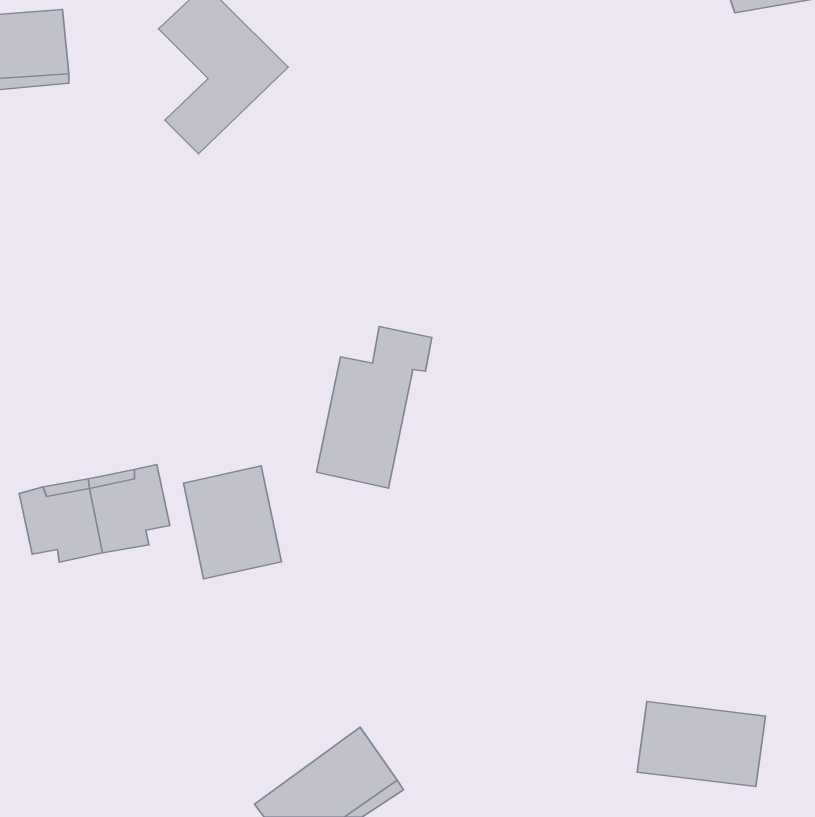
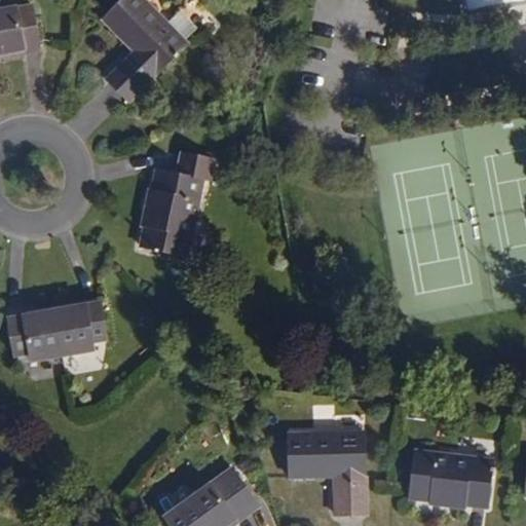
building: [317,326,432,488] -> [143,142,217,246]
building: [183,466,281,579] -> none
building: none -> [287,433,364,512]

